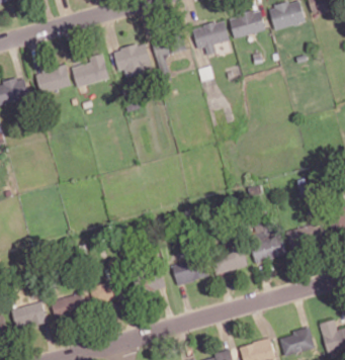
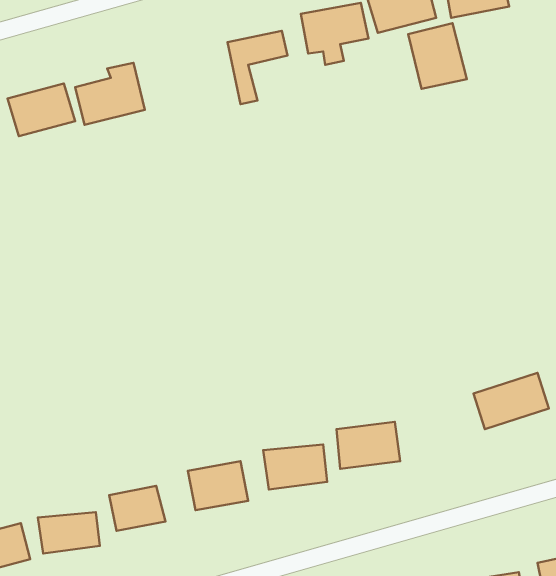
building: none -> [408,23,467,89]
building: [113,42,153,76] -> none
building: [249,223,286,262] -> none

